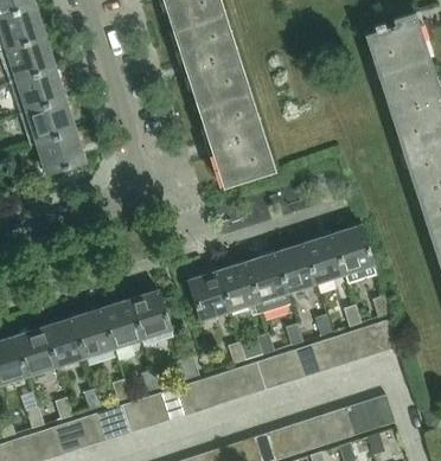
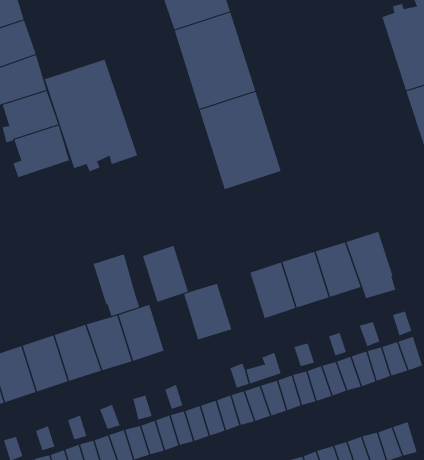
building: none -> [44,59,138,172]
building: none -> [93,253,140,317]
building: [218,261,260,312] -> [142,245,189,302]

